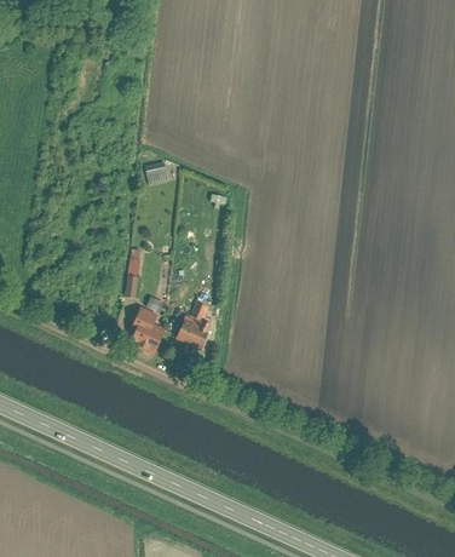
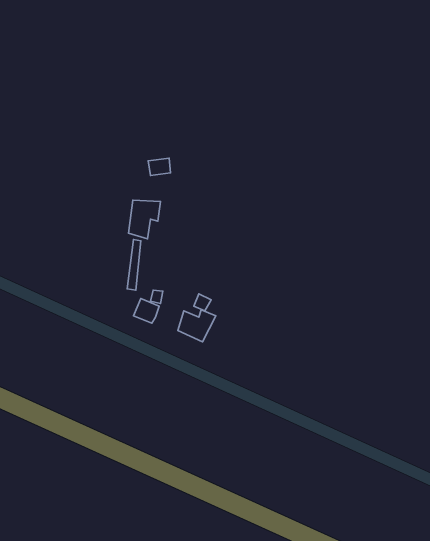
building: none -> [129,200,161,239]
building: [128,323,166,355] -> none

